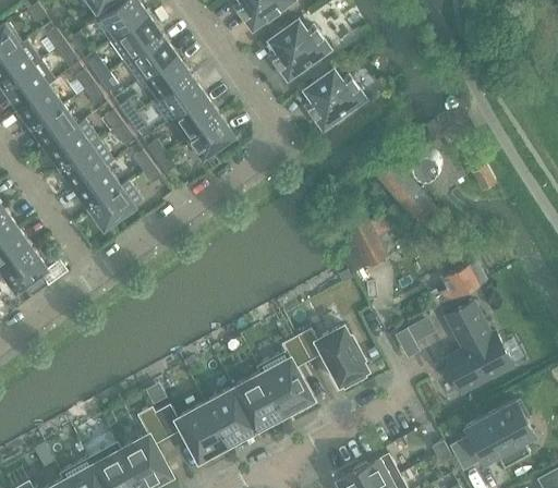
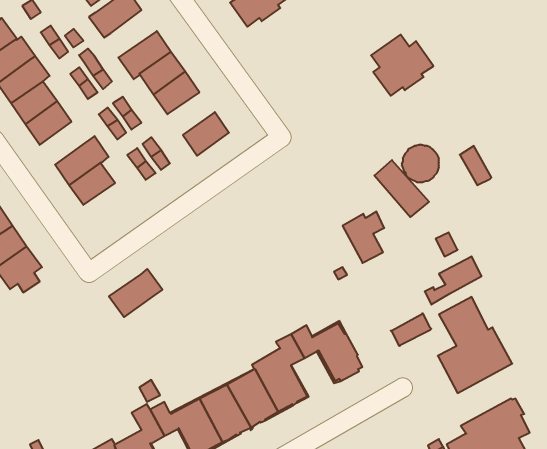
building: [110,15,162,62] -> none
building: [269,20,330,82] -> none
building: [304,70,366,131] -> [371,35,433,96]
building: [173,97,220,139] -> none
building: [46,121,100,169] -> none
building: [89,182,143,230] -> [109,269,162,317]

